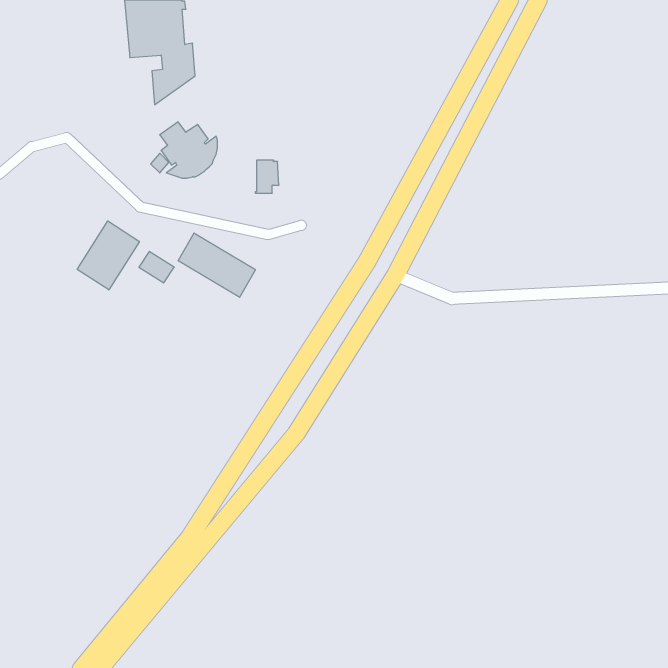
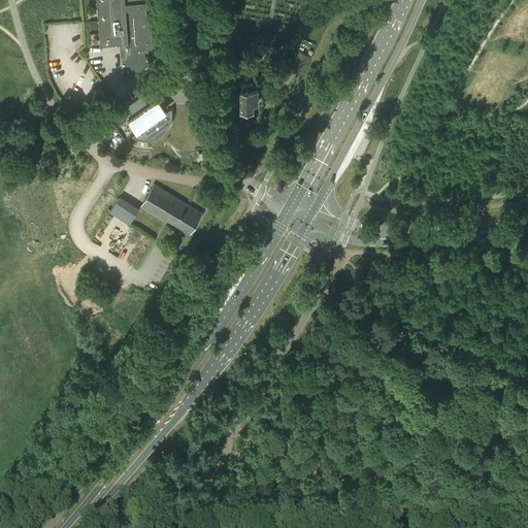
building: [255,160,279,193] -> [239,89,258,114]
building: [77,221,139,290] -> none

